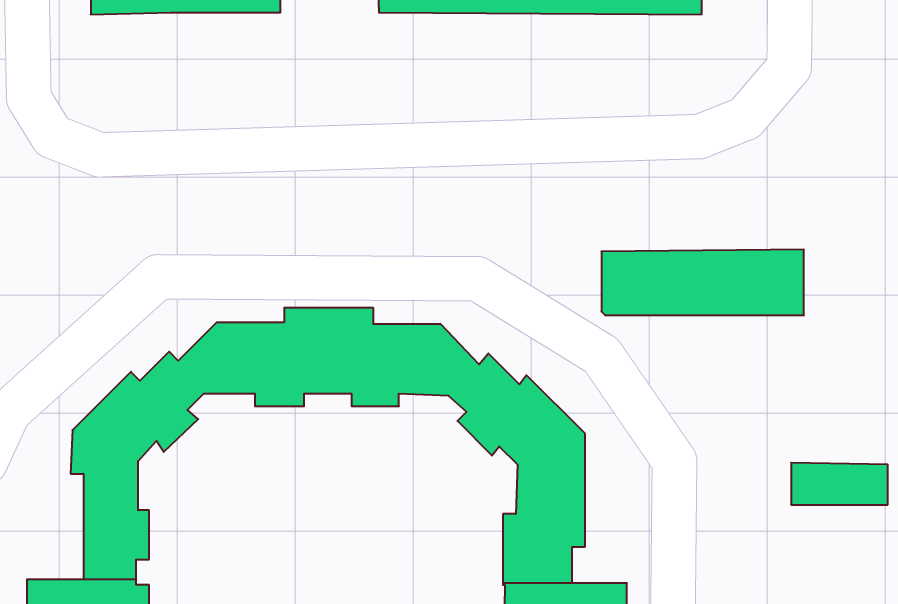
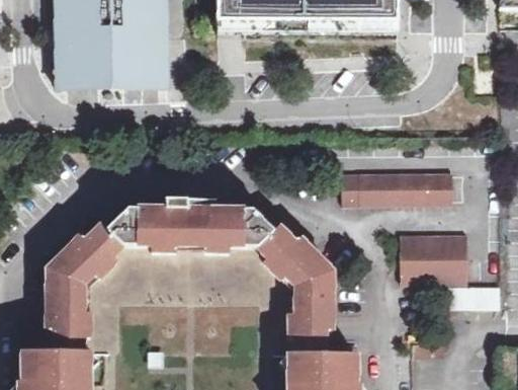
building: none -> [58,35,164,88]
building: none -> [399,231,468,283]

